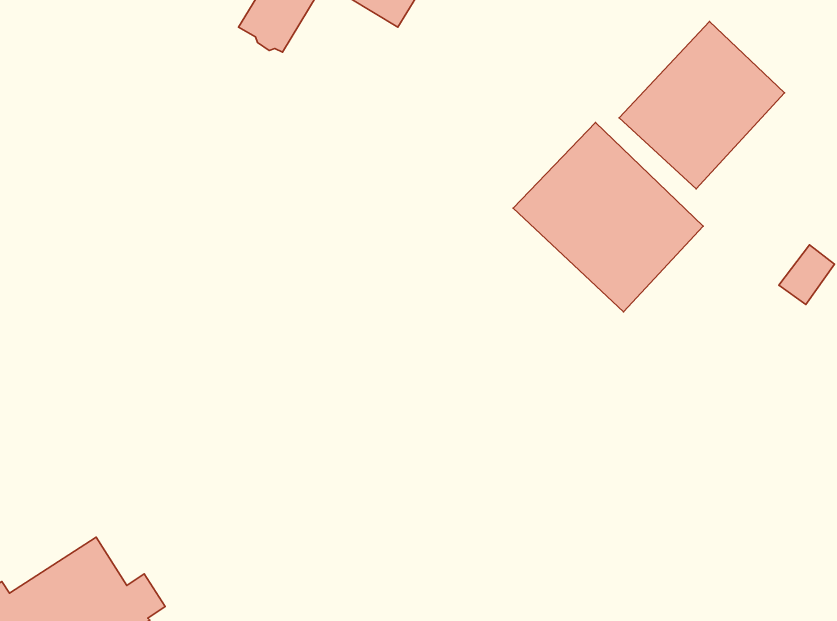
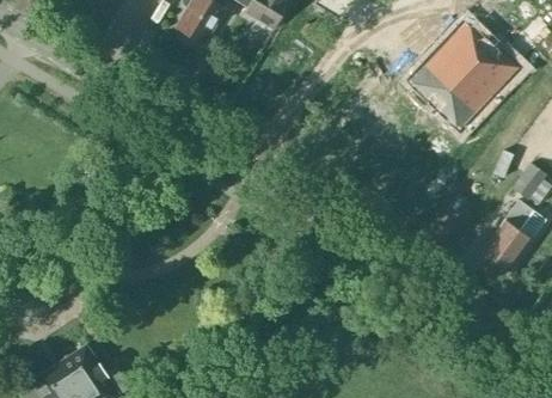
building: [513,122,703,312] -> none
building: none -> [483,200,533,269]

